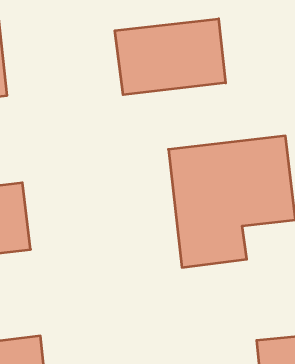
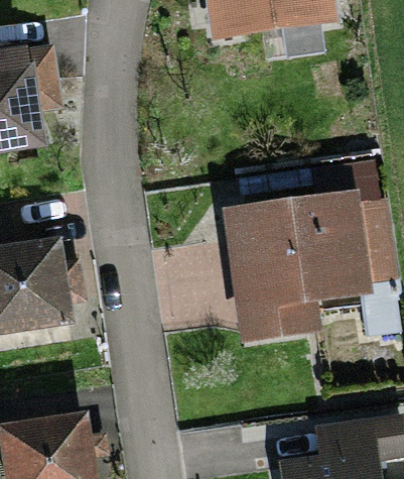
building: [115,19,226,95] -> none

